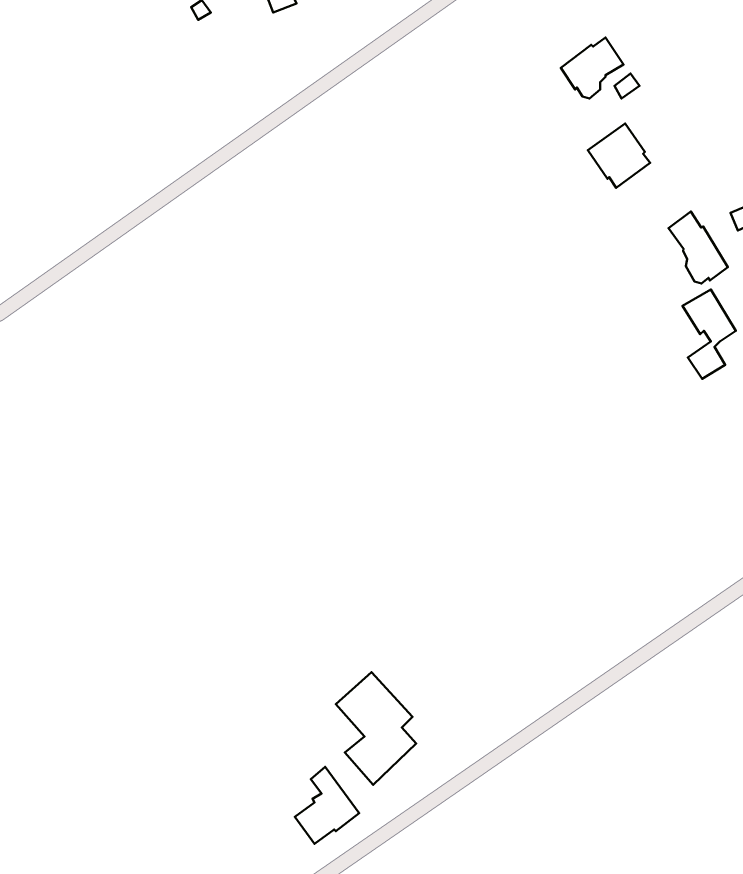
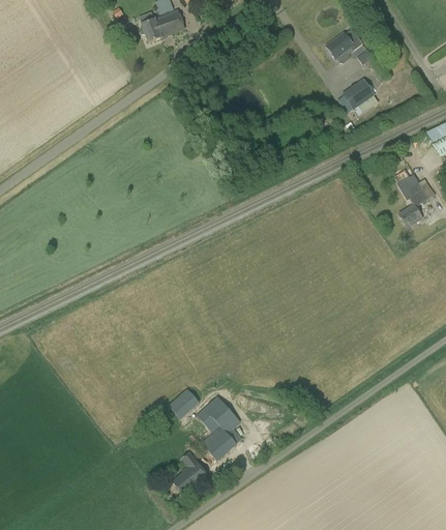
building: none -> [141,10,183,41]
building: [668,211,728,284] -> none
building: none -> [168,387,199,418]

